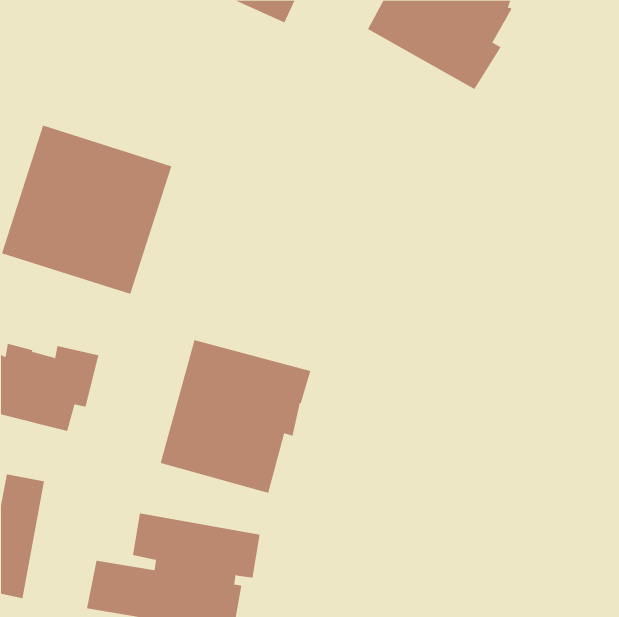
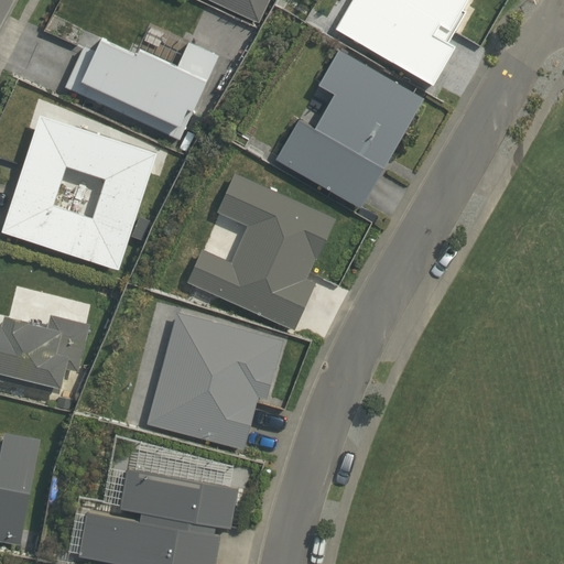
building: none -> [64,34,219,141]
building: none -> [274,47,424,206]
building: none -> [186,172,336,330]

